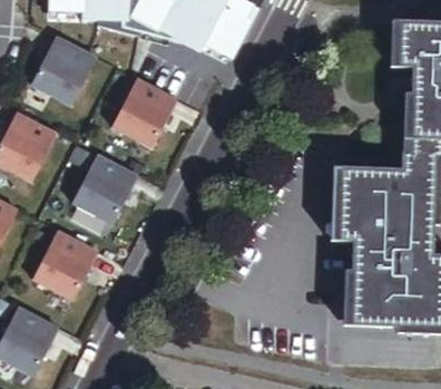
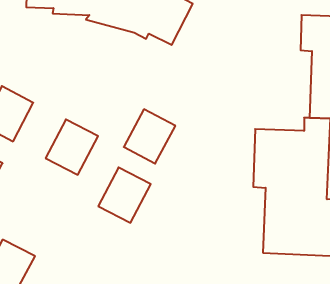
building: [30,36,96,105] -> none
building: [111,78,177,147] -> [124,109,175,164]
building: [31,230,98,300] -> [98,167,151,223]

